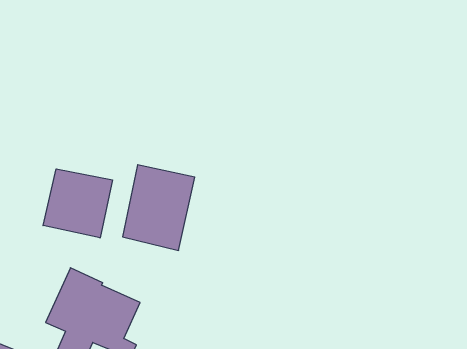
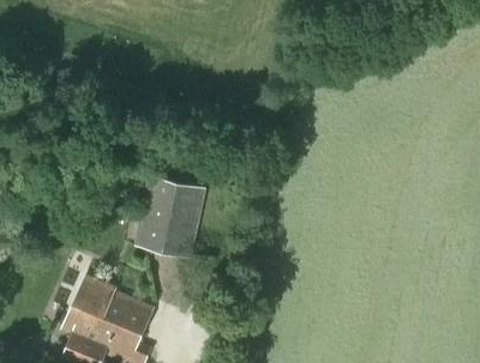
building: [43,169,112,238] -> none

